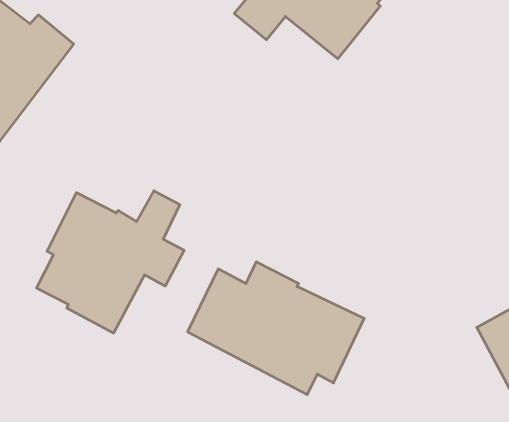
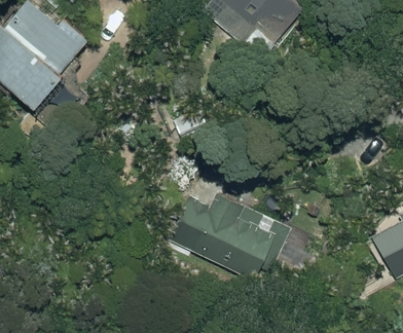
building: [37,191,184,333] -> none

